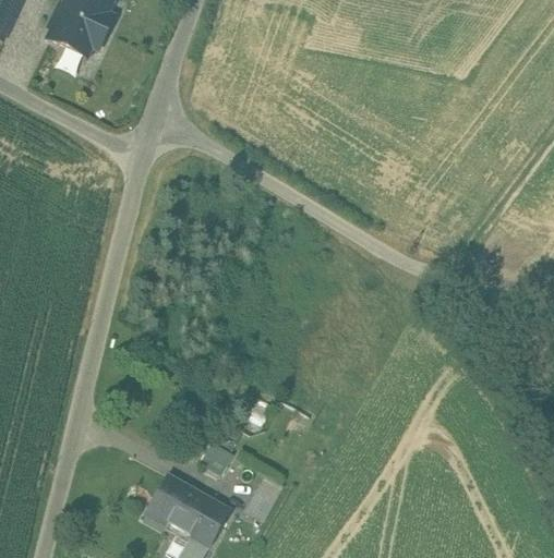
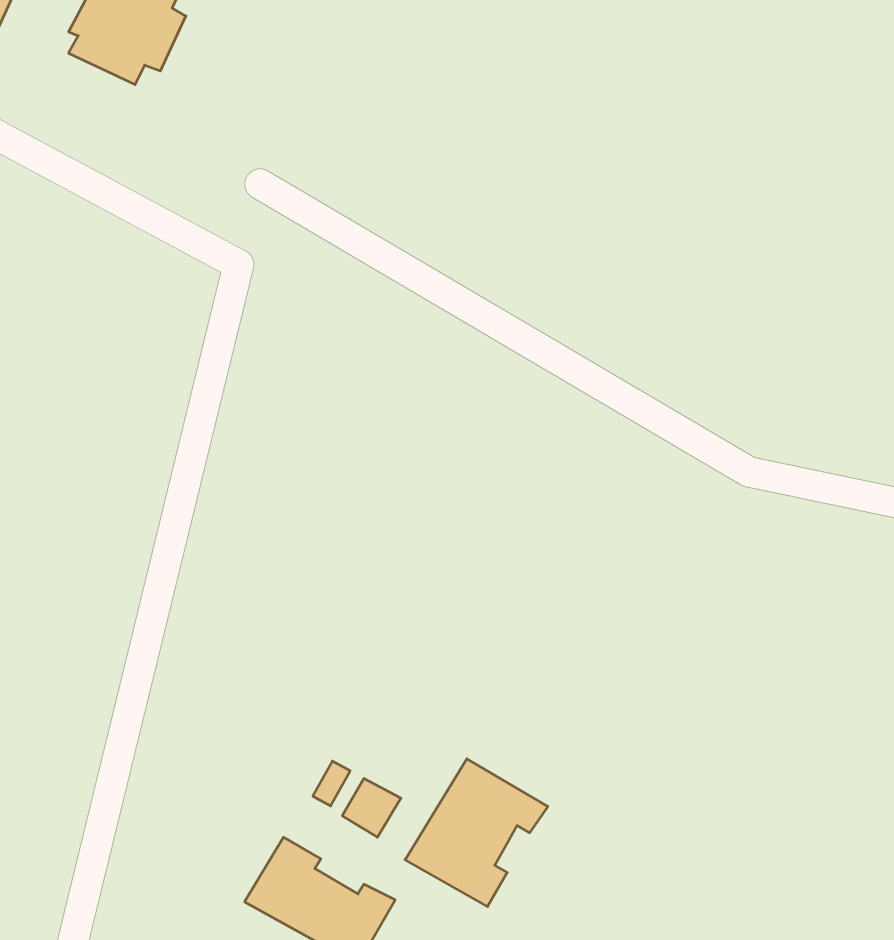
building: none -> [405,759,548,907]

